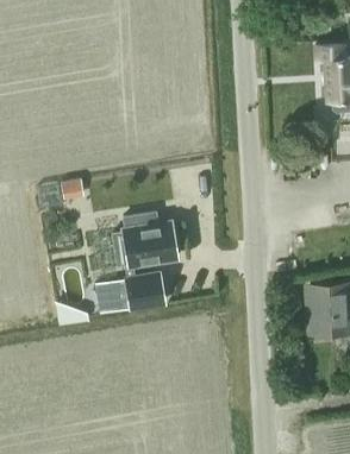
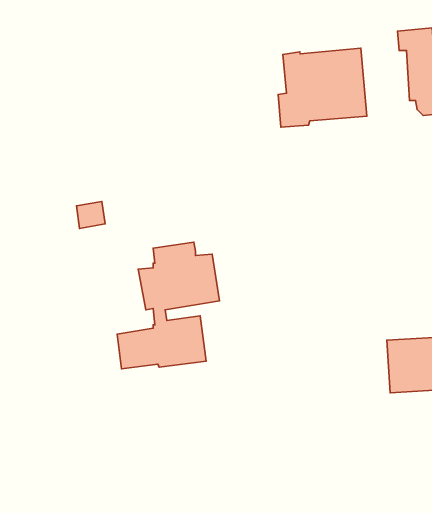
building: none -> [278,48,367,127]

